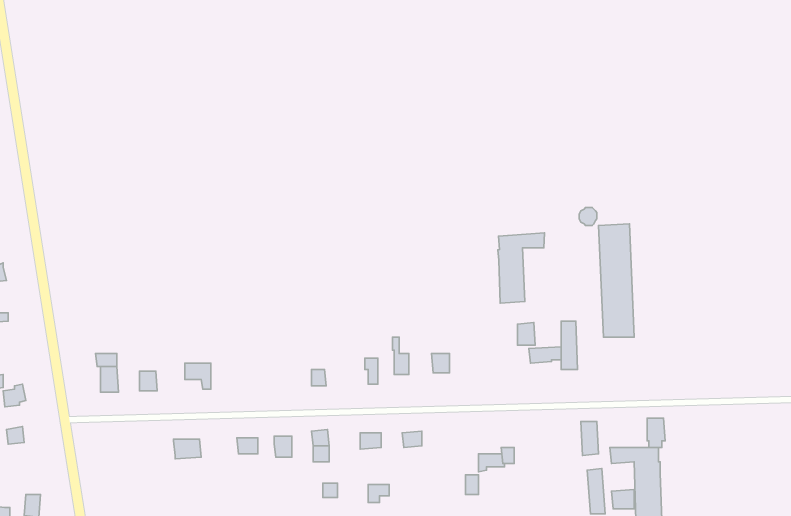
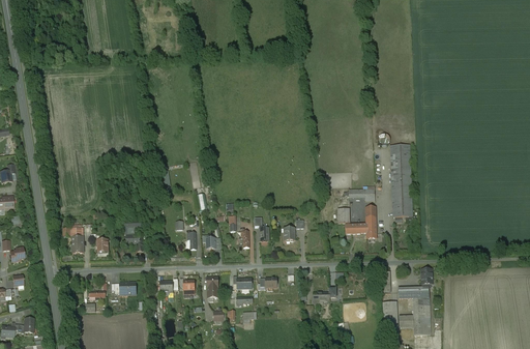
building: [498,233,544,303] -> none

